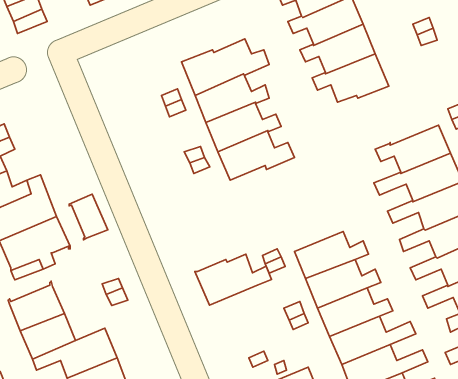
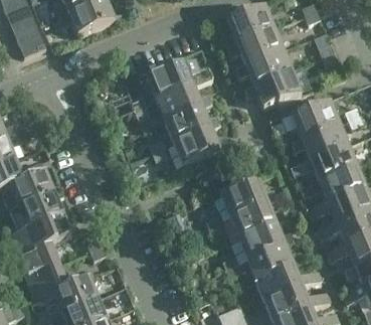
building: none -> [281,102,338,139]
building: [69,194,108,240] -> none
building: [195,254,271,305] -> [219,180,276,218]

